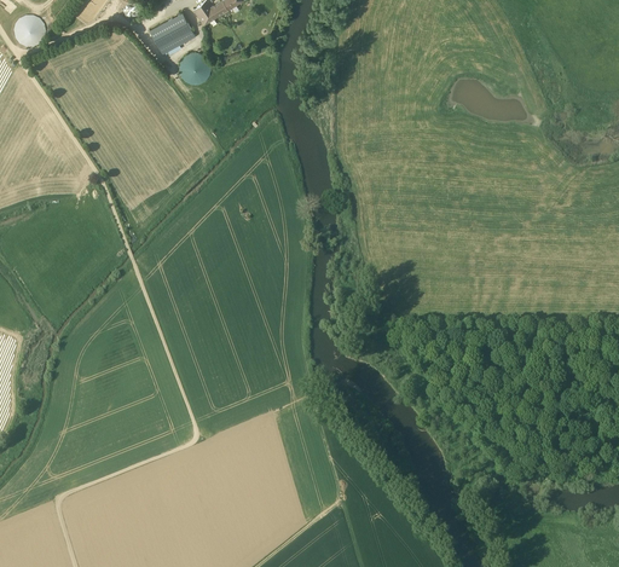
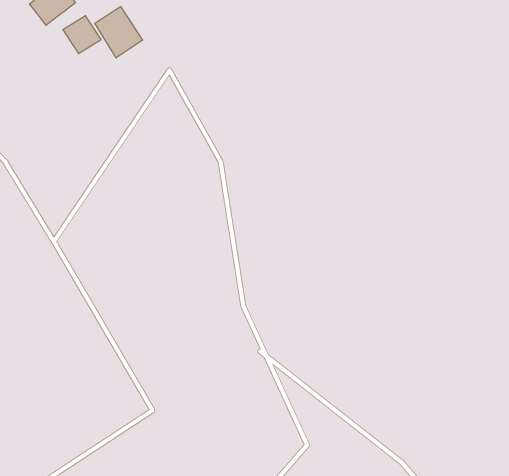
building: none -> [95,7,143,58]

